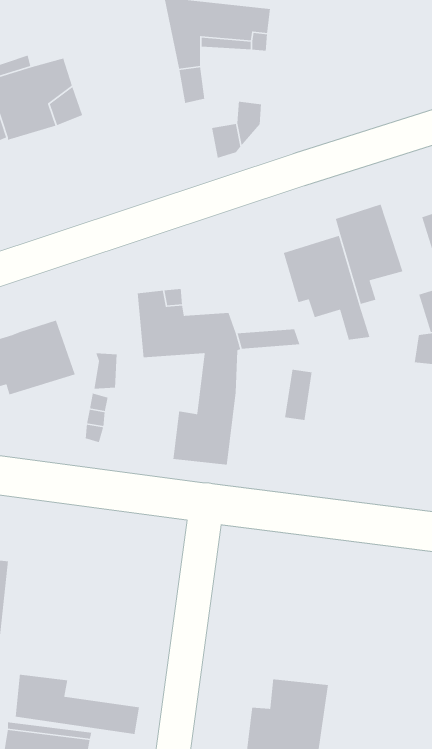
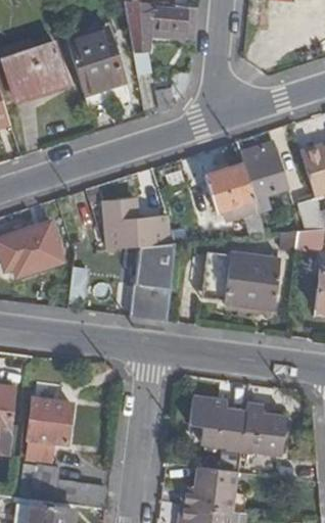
building: none -> [68,28,128,92]
building: none -> [224,253,280,311]
building: none -> [189,398,285,457]
building: none -> [26,399,72,460]

